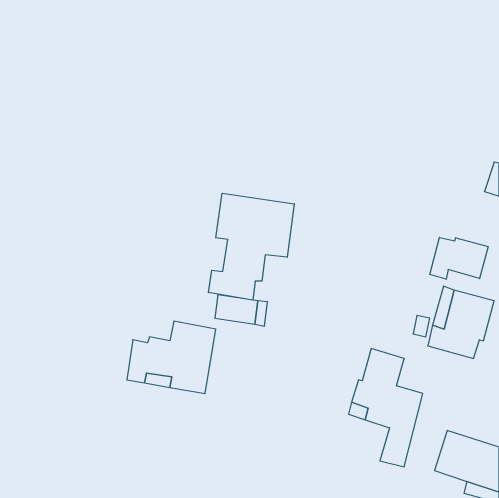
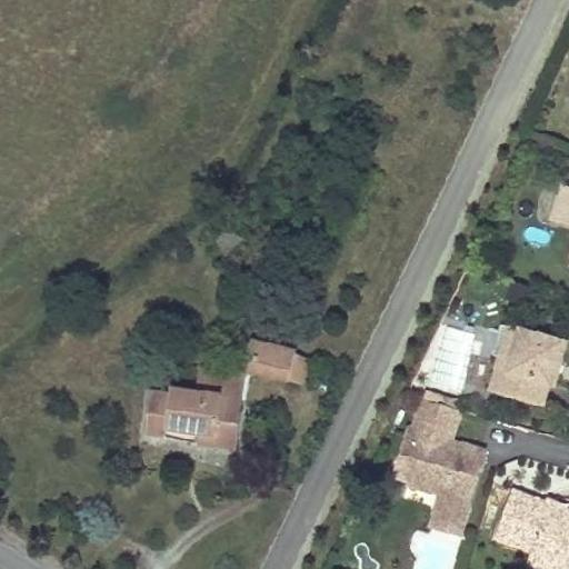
building: [208,193,294,300] -> none
building: [430,237,488,279] -> none

